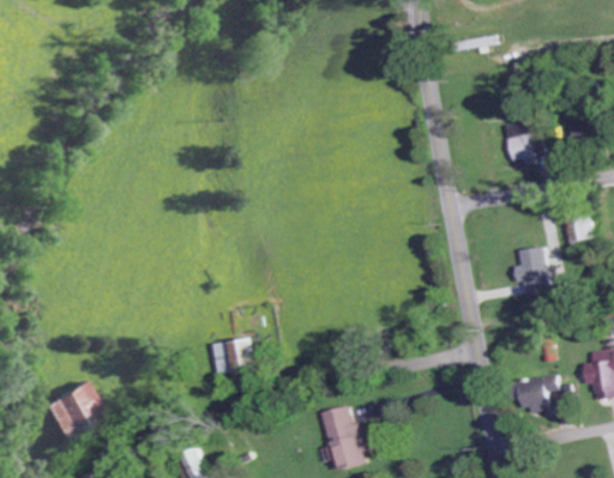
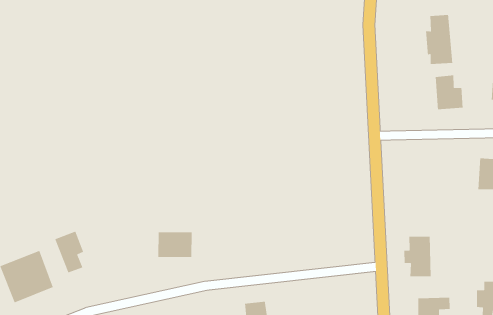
building: none -> [425,14,453,65]
building: [517,246,553,296] -> [403,236,432,277]
building: none -> [54,230,84,273]

